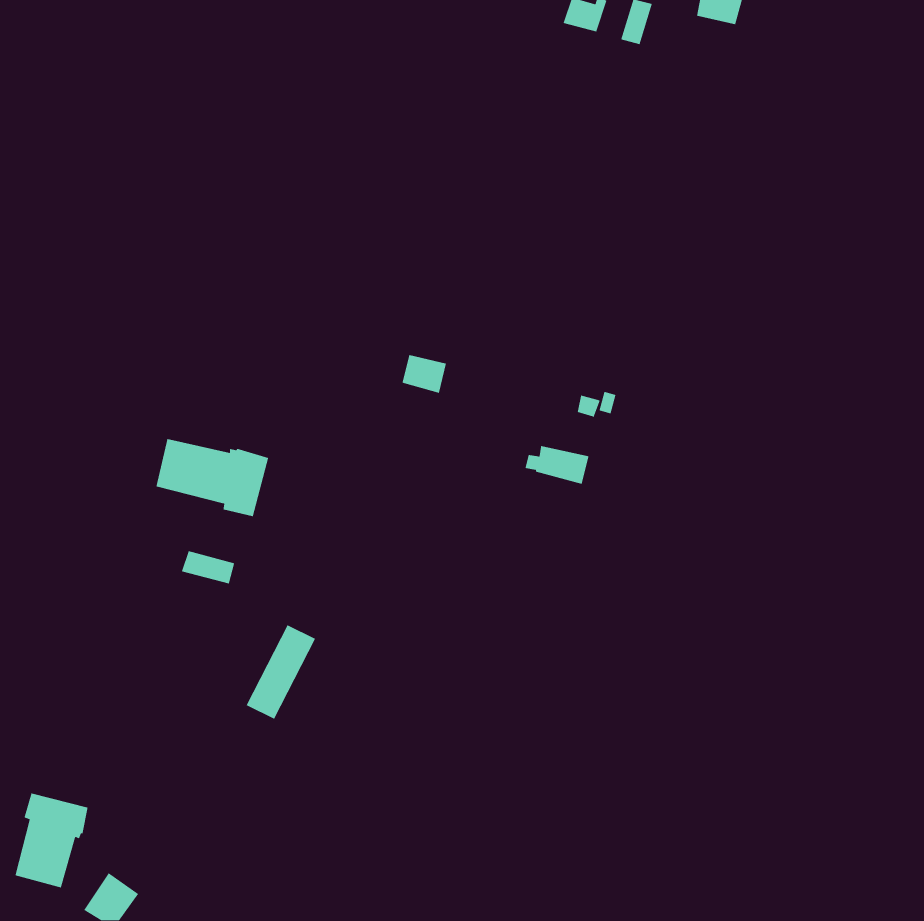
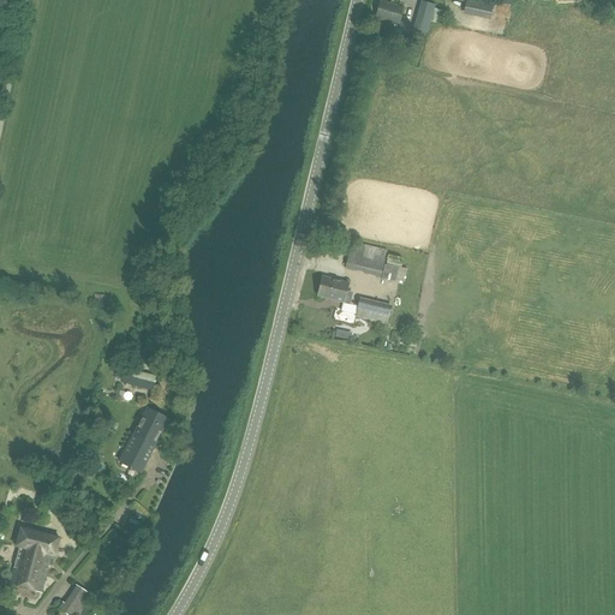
building: [401,354,447,394] -> [318,274,348,300]
building: none -> [345,245,386,275]
building: [155,438,269,517] -> none
building: [246,624,316,720] -> [120,406,167,470]

